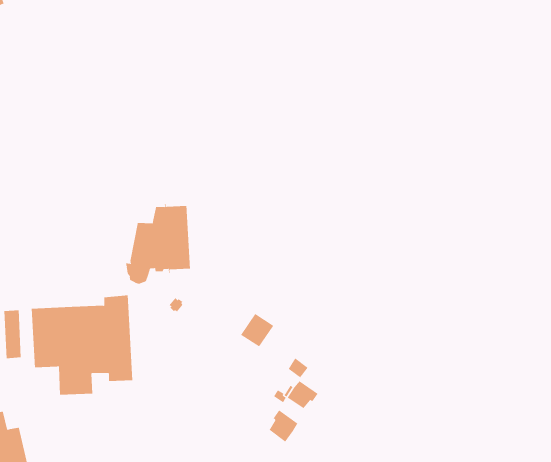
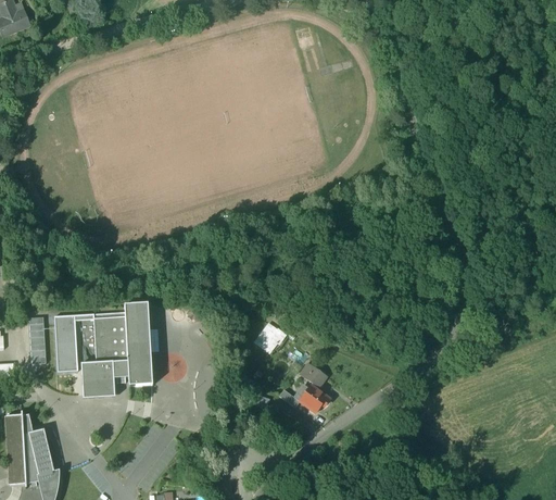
building: [126,203,191,284] -> none
building: [269,410,298,442] -> none

